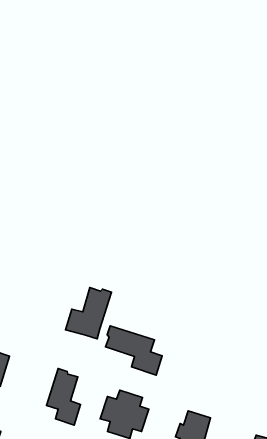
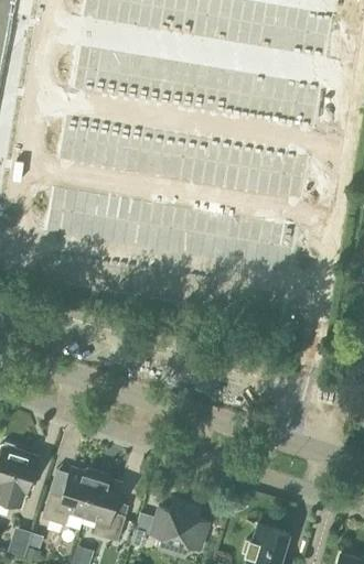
building: [66,288,111,339] -> [42,466,98,529]
building: [106,326,162,375] -> none

